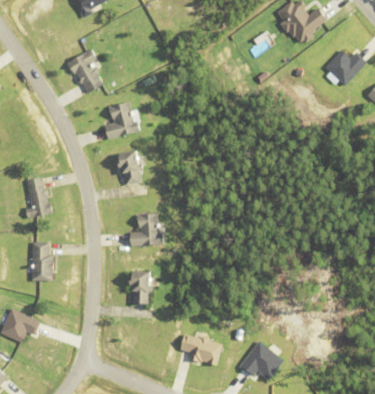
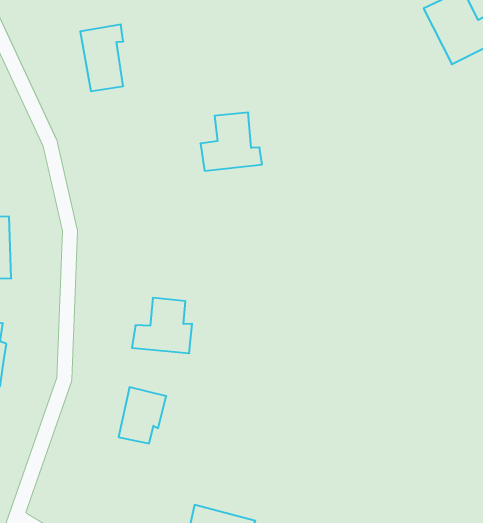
building: [102,102,141,141] -> [200,113,262,171]
building: [117,151,143,186] -> none

